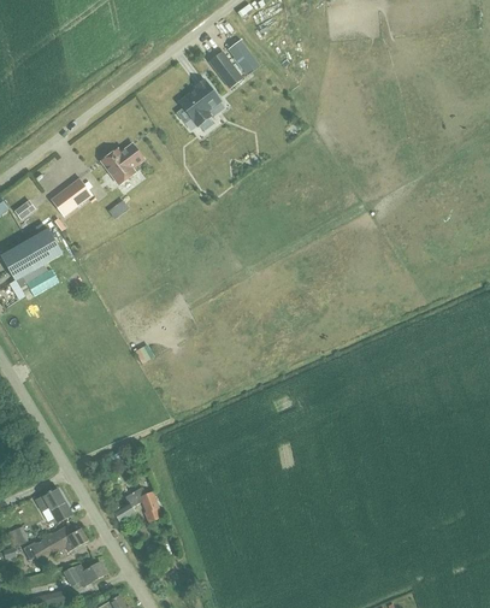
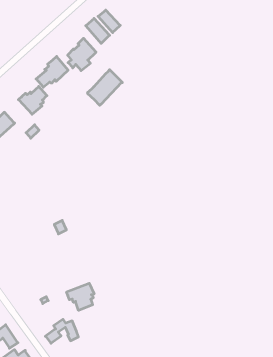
building: none -> [36,56,68,87]
building: none -> [88,70,122,105]
building: none -> [67,283,94,310]

